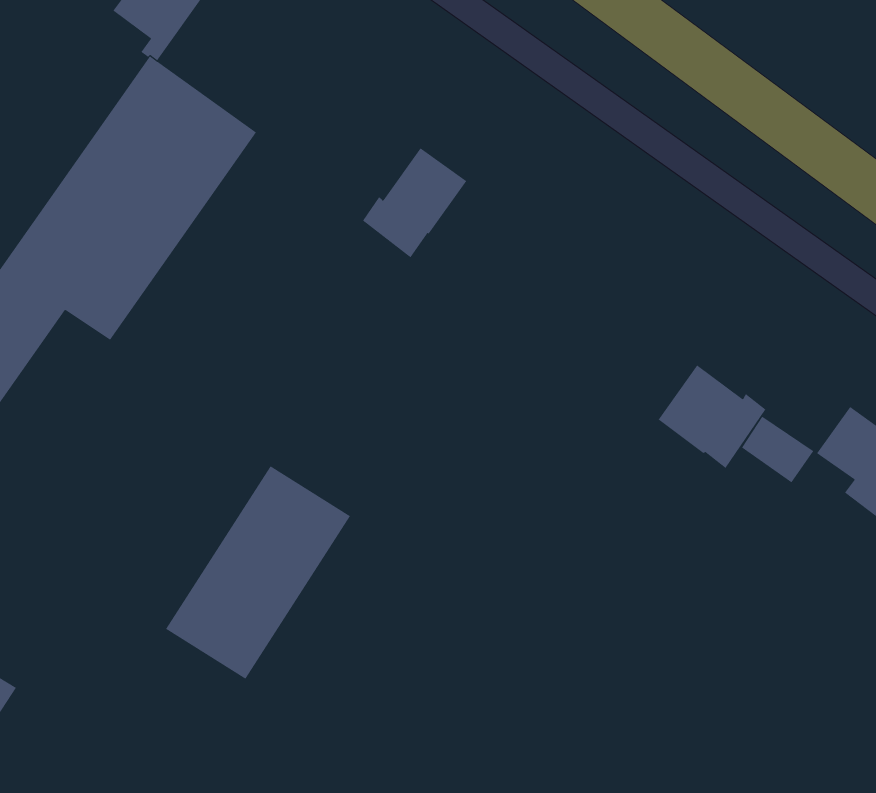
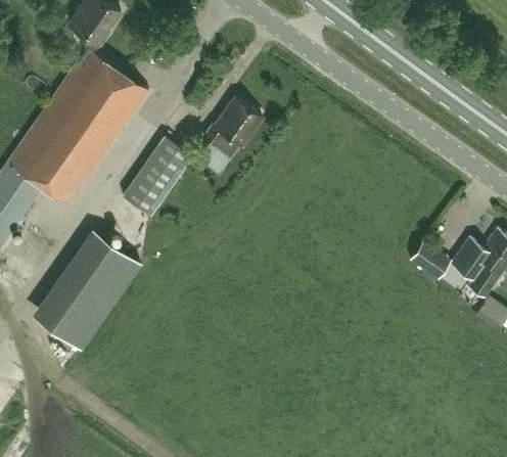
building: none -> [121,139,190,218]
building: [658,364,766,469] -> none
building: [165,466,351,679] -> [40,228,141,345]

